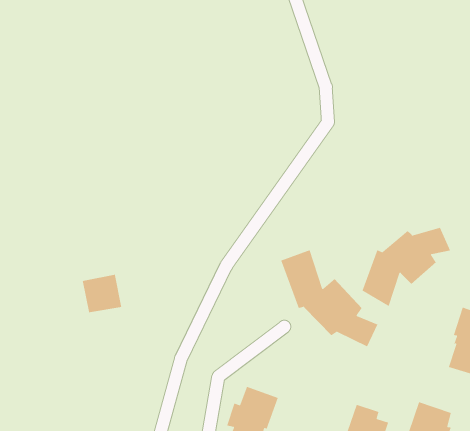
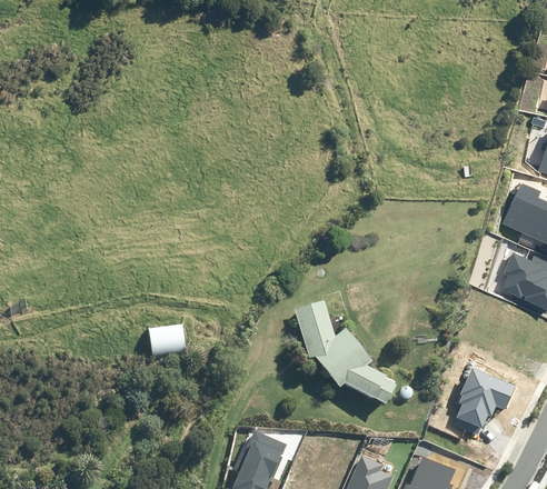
building: [361,227,451,307] -> none
building: [82,274,122,313] -> [148,322,186,359]

